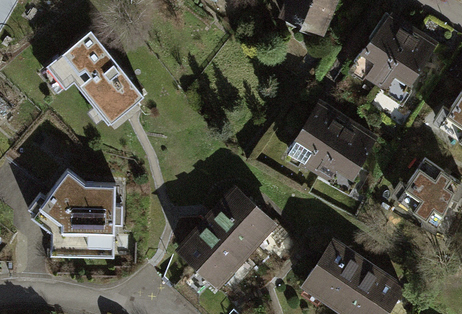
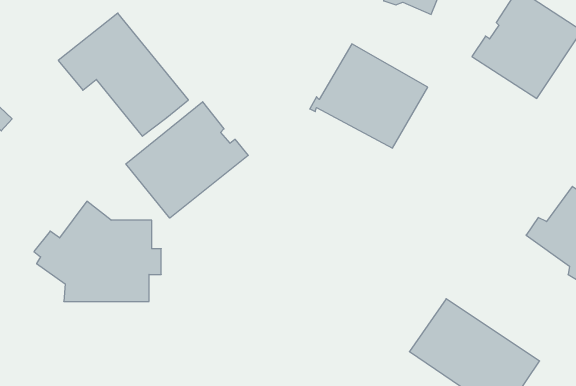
building: none -> [126,102,248,218]
building: [286,105,373,182] -> [310,44,428,148]
building: [180,189,274,285] -> none

